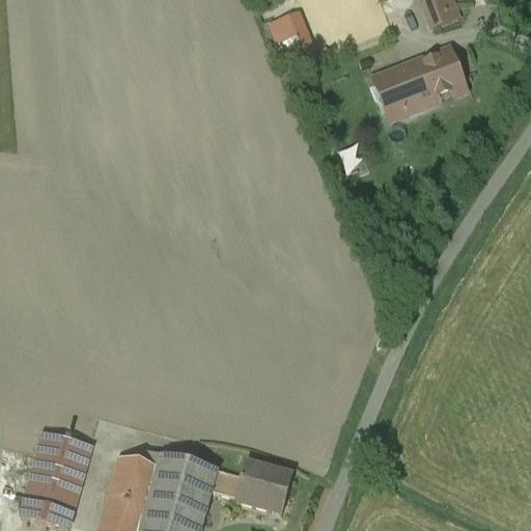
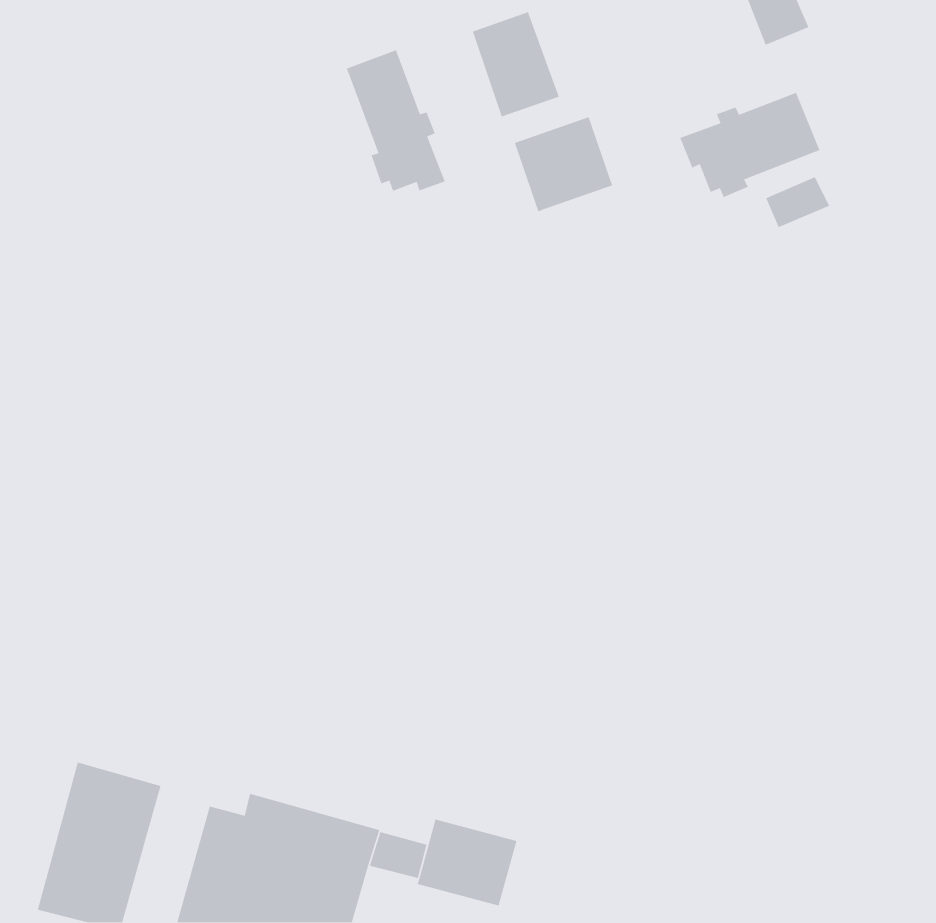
building: none -> [346,49,446,192]
building: none -> [514,116,613,212]
building: none -> [765,176,830,228]

